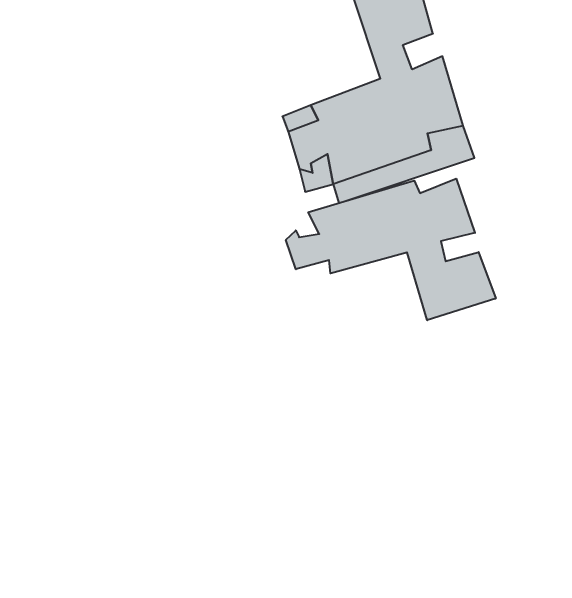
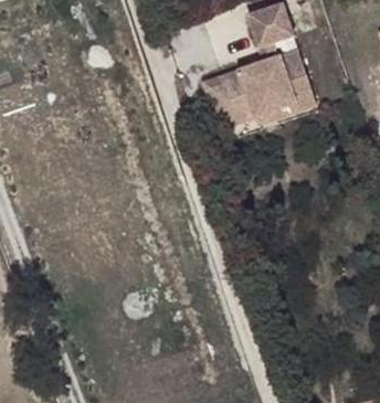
building: [286,179,496,320] -> none

